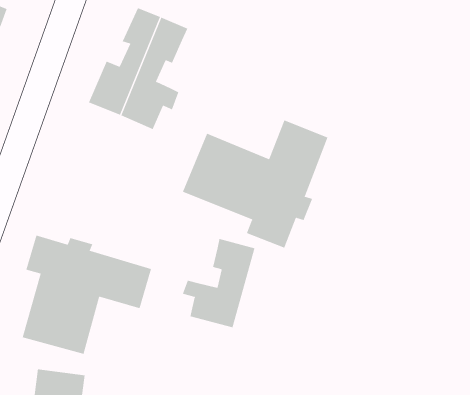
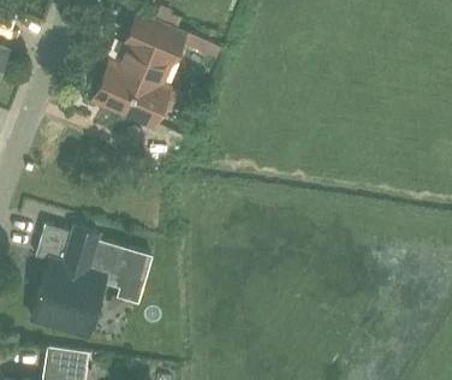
building: [182,120,328,249] -> none
building: [182,238,255,328] -> none

